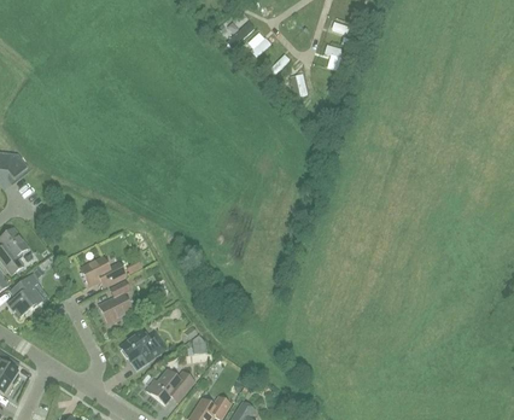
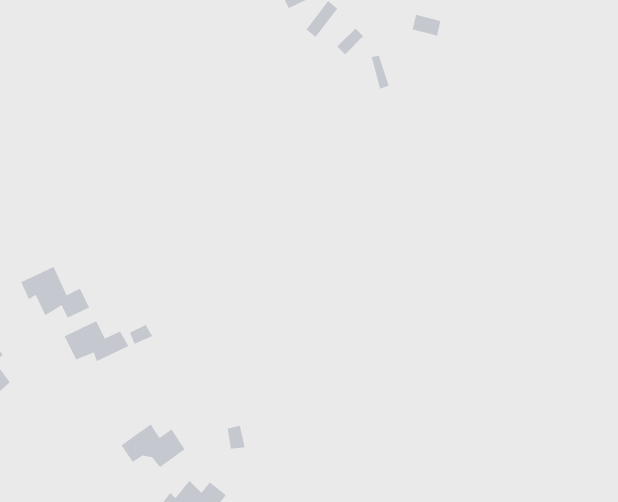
building: none -> [20,266,90,318]
building: [98,280,133,323] -> none

